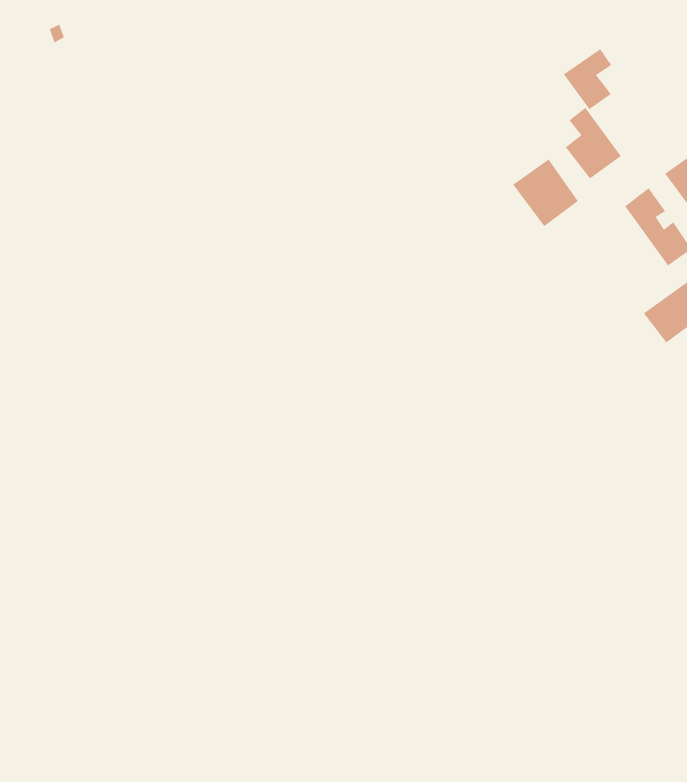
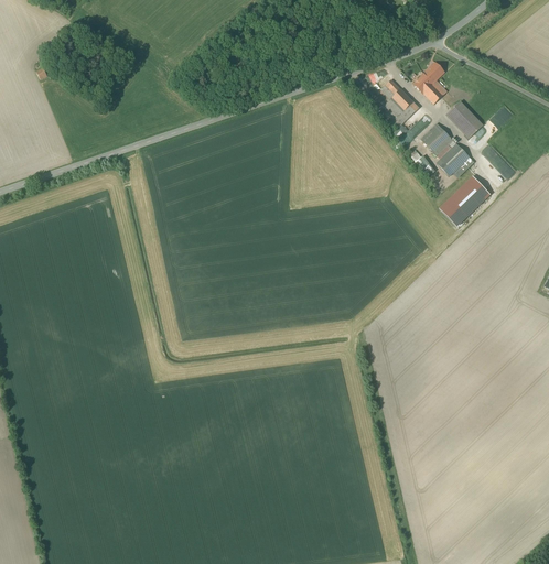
building: [563,48,612,110] -> [412,62,445,102]
building: [512,159,579,227] -> none

